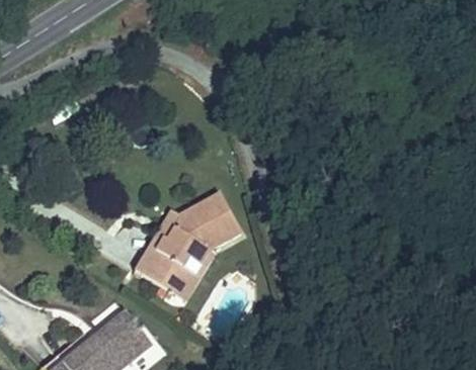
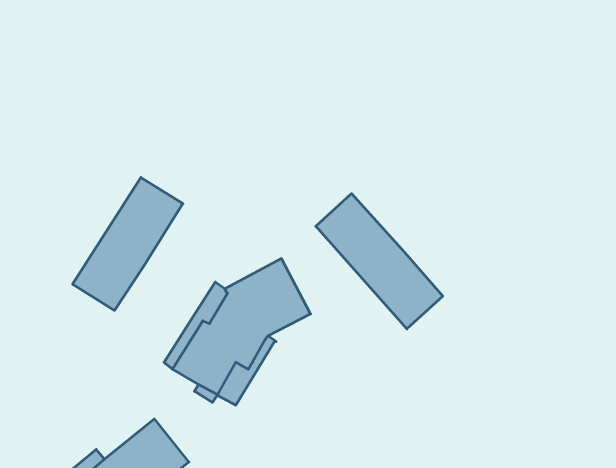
building: none -> [73,177,183,310]
building: none -> [316,194,443,329]

